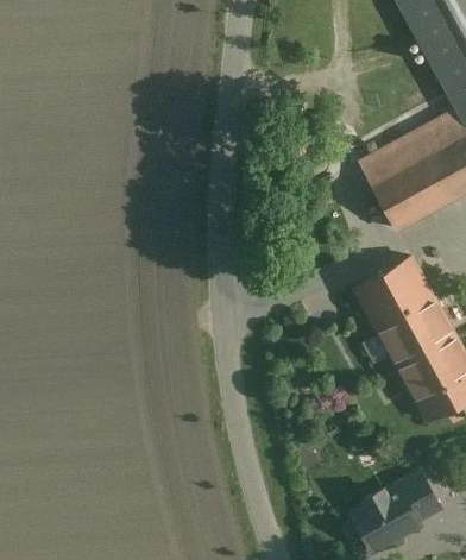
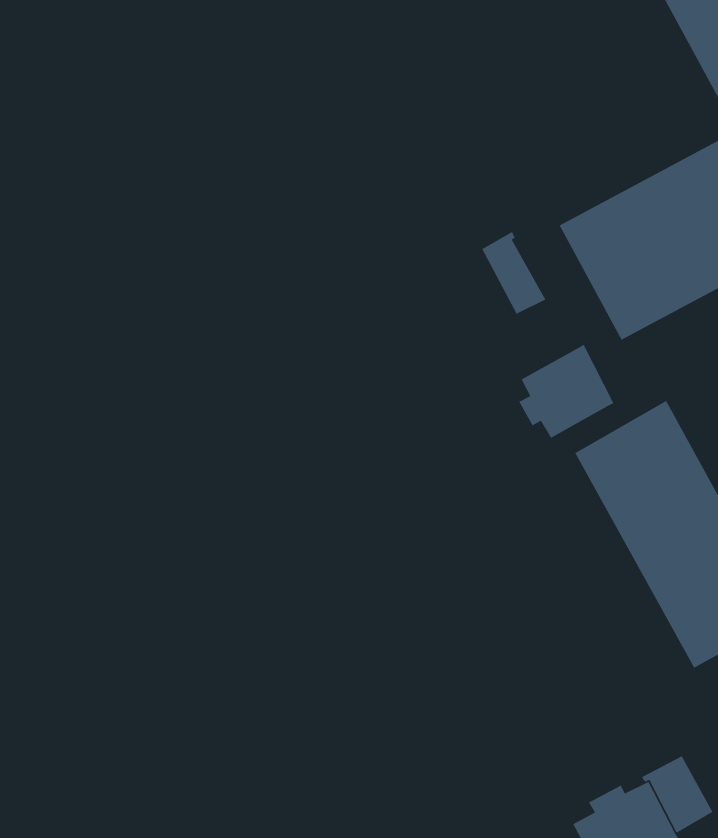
building: none -> [481,231,546,315]
building: none -> [518,344,615,439]

